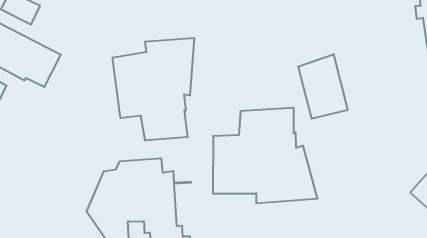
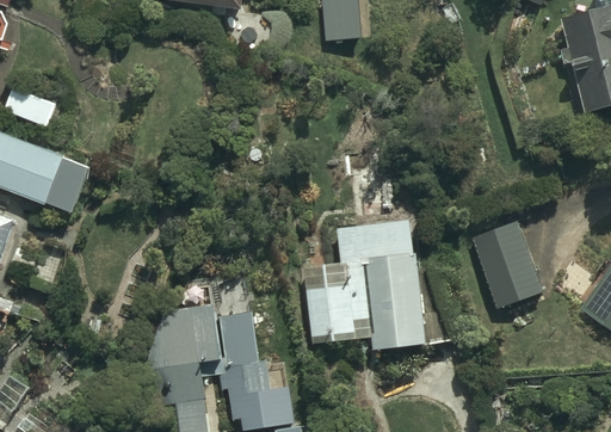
building: [113,38,194,141] -> none
building: [298,54,348,119] -> [471,211,544,301]

